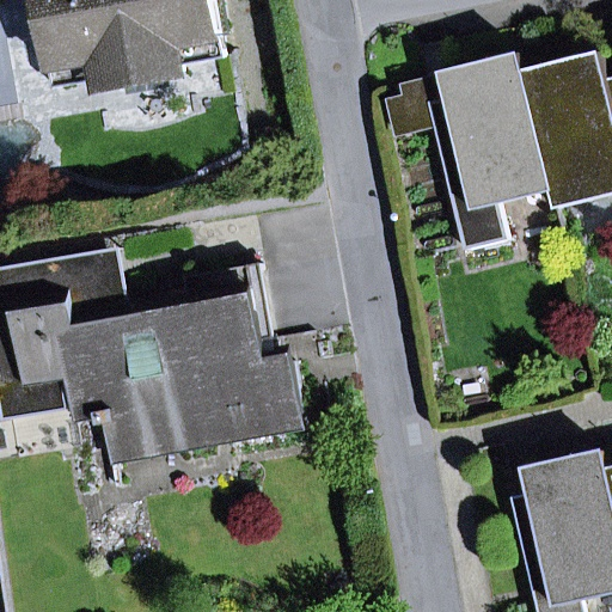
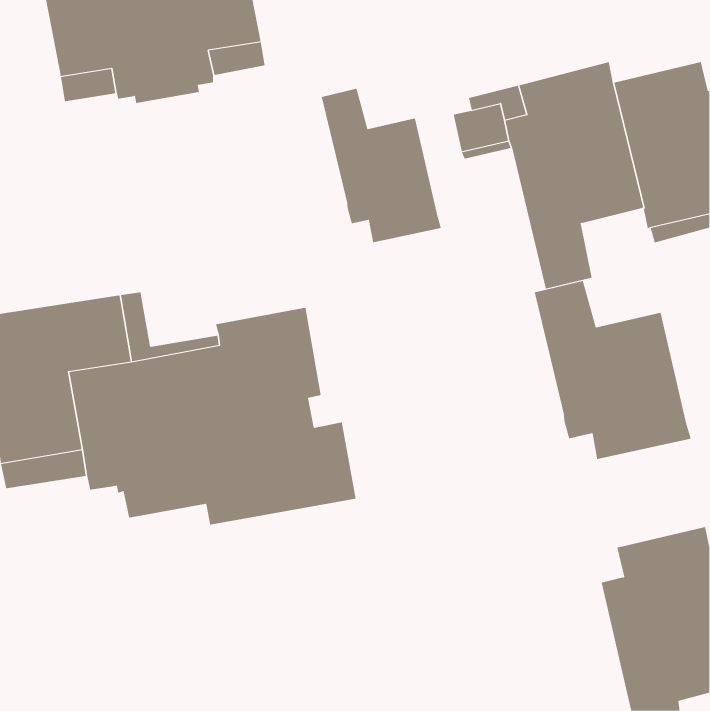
building: none -> [321,88,442,243]
building: none -> [534,280,691,460]

